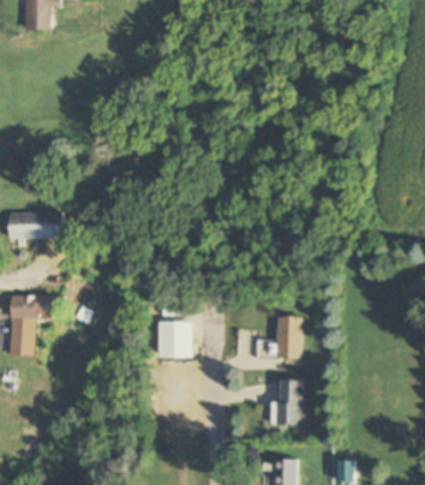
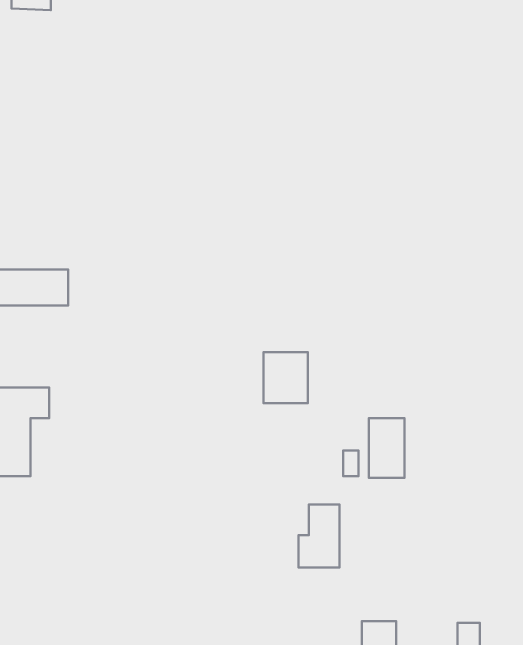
building: [161,321,192,357] -> [263,352,308,403]
building: [270,379,299,424] -> [299,504,340,568]

